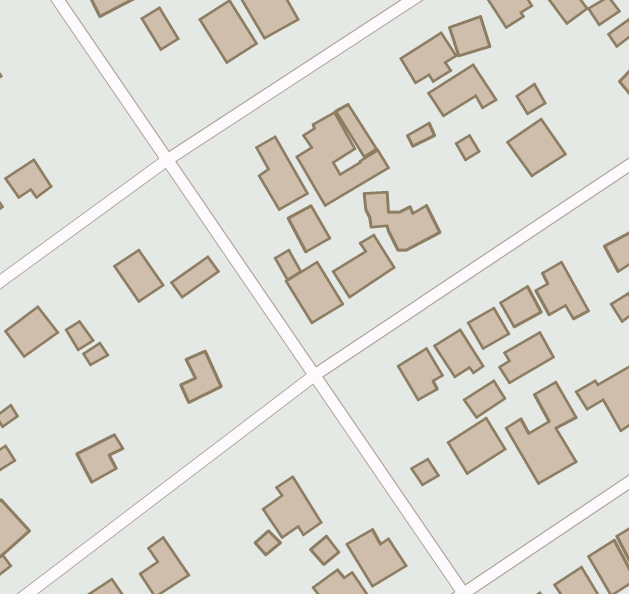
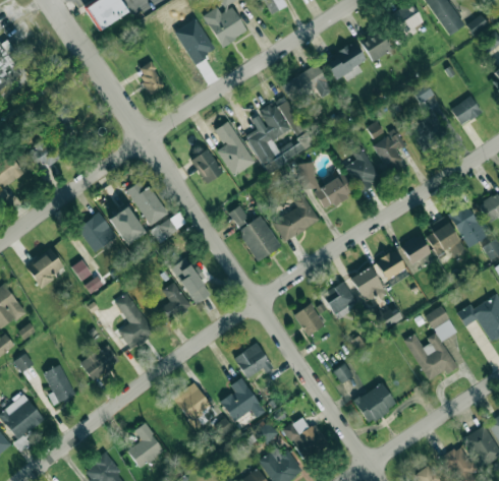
building: [142,8,178,50] -> [137,62,165,94]
building: [429,65,496,116] -> [281,65,332,104]
building: none -> [451,97,483,126]
building: none -> [374,132,405,173]
building: none -> [346,147,381,191]
building: [288,206,330,252] -> [192,149,224,184]
building: none -> [126,181,168,226]
building: none -> [450,203,485,247]
building: none -> [78,213,116,252]
building: none -> [173,258,208,305]
building: [500,332,554,383] -> none
building: none -> [115,293,156,350]
building: none -> [294,303,325,336]
building: [448,418,505,473] -> [354,382,397,424]
building: none -> [234,343,274,379]
building: none -> [44,364,75,405]
building: none -> [175,383,213,423]

